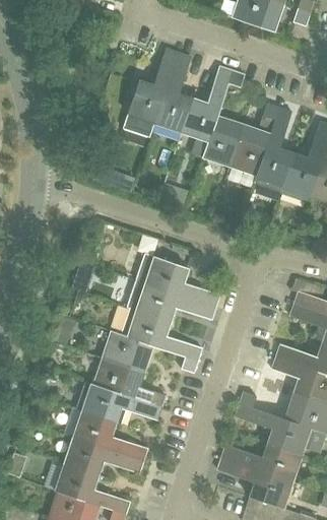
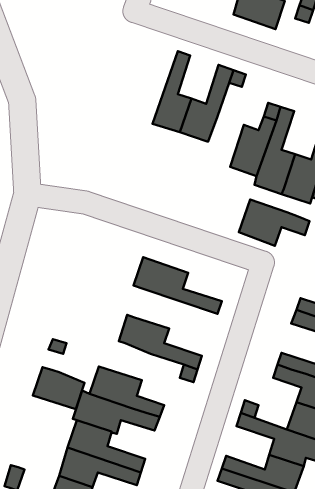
building: [123,49,179,138] -> none
building: [202,116,243,165] -> none
building: none -> [239,199,309,246]
building: [127,279,217,321] -> none
building: [103,330,152,371] -> [33,367,84,409]

